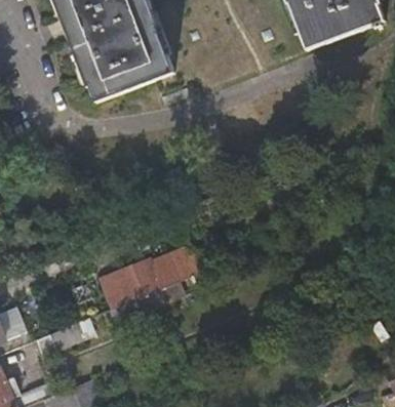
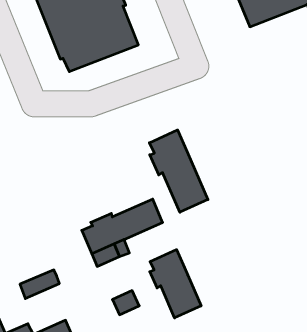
building: none -> [149,130,208,212]
building: none -> [150,250,201,318]

